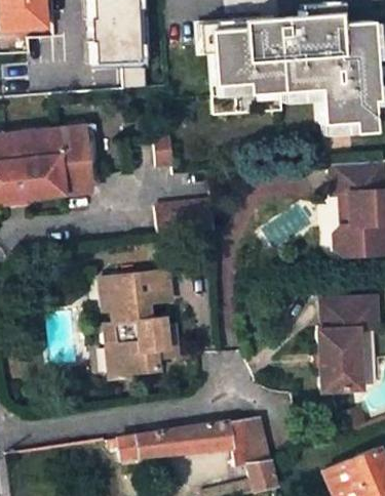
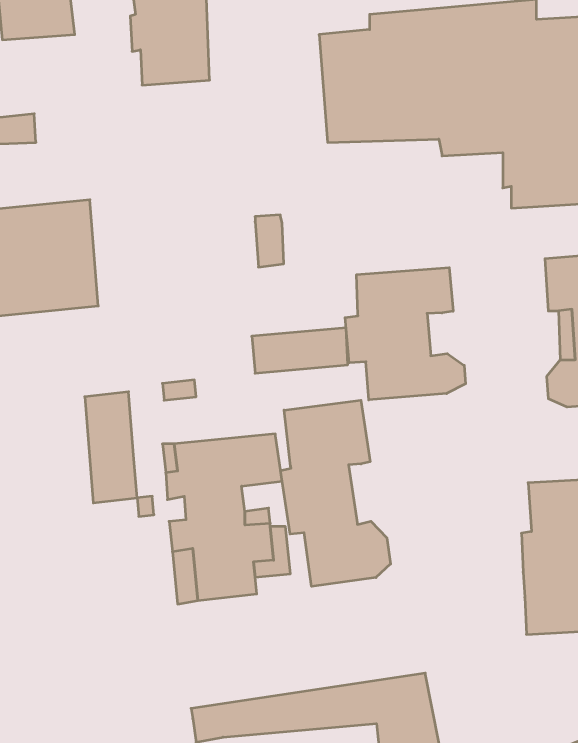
building: [60,126,91,194] -> [85,392,137,503]
building: none -> [345,268,466,400]
building: none -> [281,400,391,586]

